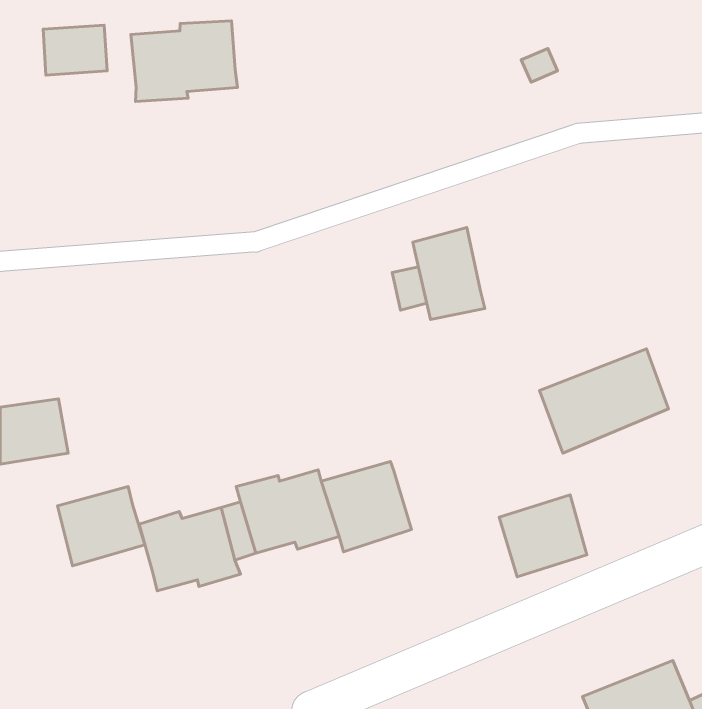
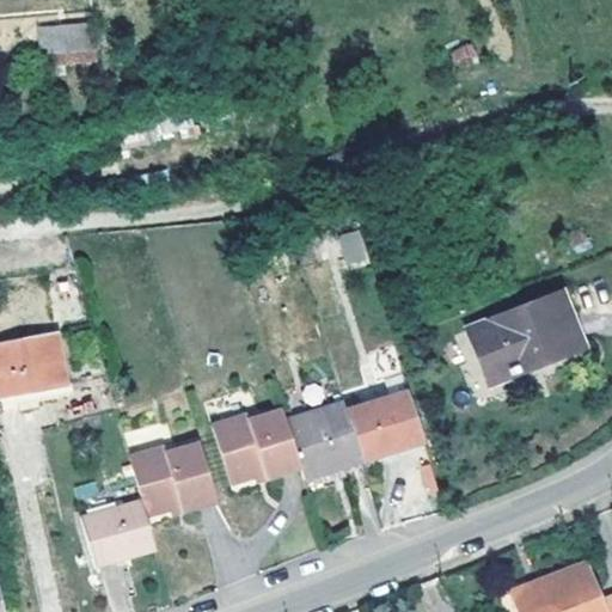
building: [131,21,238,102] -> none
building: [413,227,485,319] -> none
building: [57,486,145,566] -> [78,494,153,562]
building: [499,495,587,577] -> [345,386,421,457]

